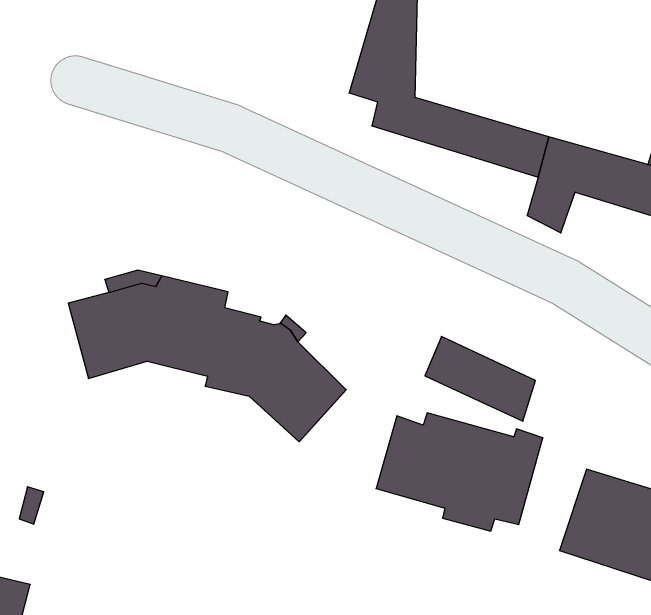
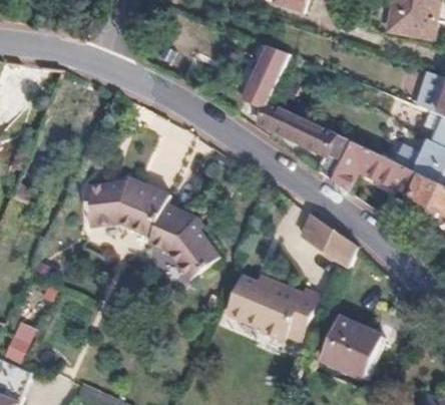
building: [425,336,535,421] -> [301,216,358,267]

